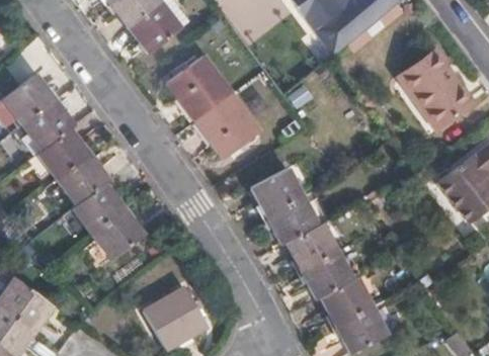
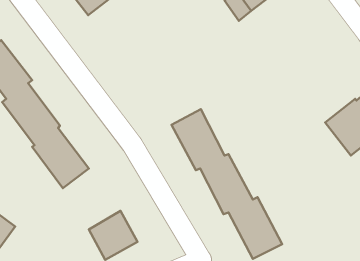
building: [164,49,255,152] -> none
building: [402,54,476,131] -> none

